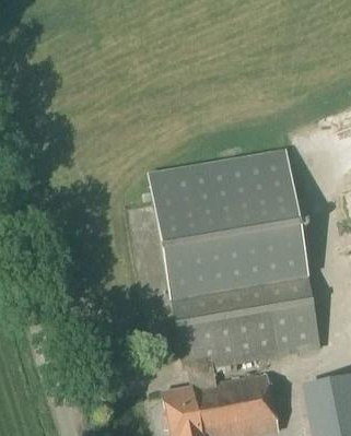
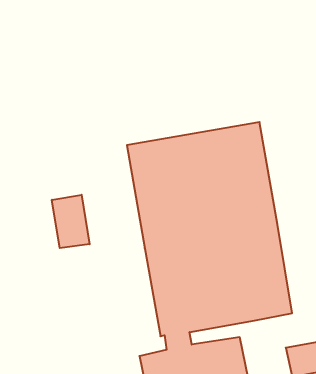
building: none -> [52,195,90,248]

